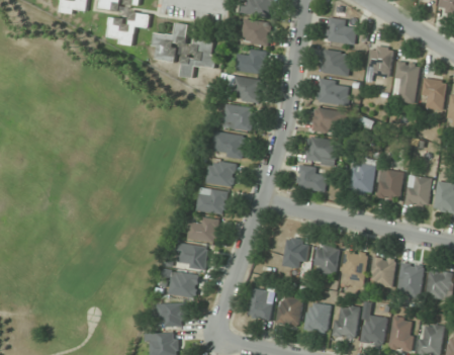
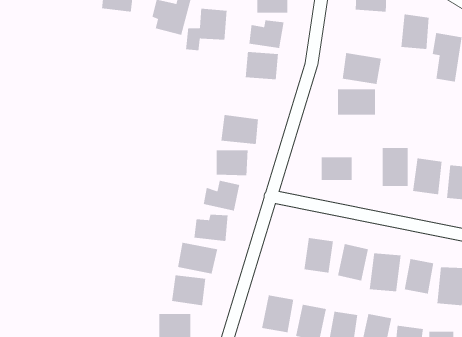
building: [320,49,351,76] -> none
building: [222,104,253,130] -> none
building: [305,137,338,166] -> none

